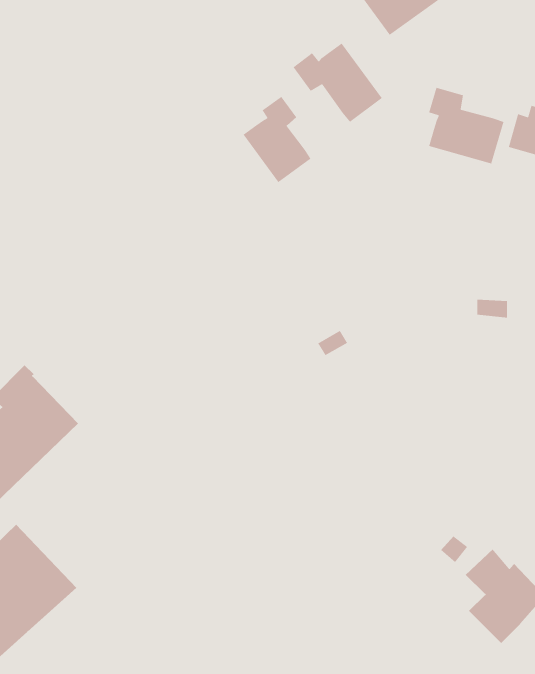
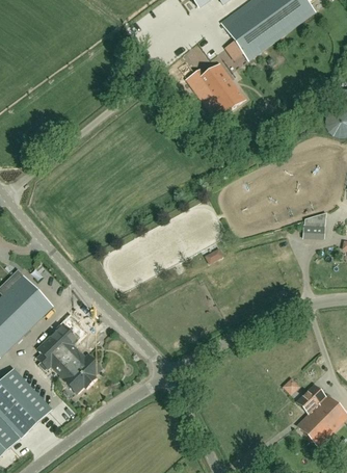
building: [428,87,504,165] -> none
building: [243,96,312,183] -> none
building: none -> [36,314,101,392]

